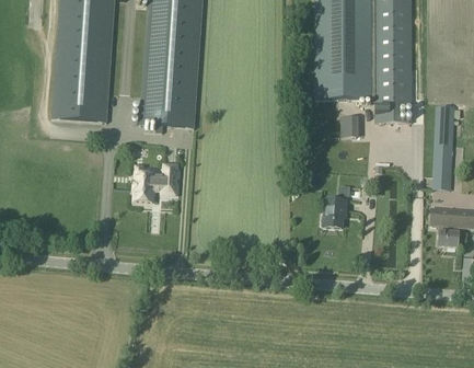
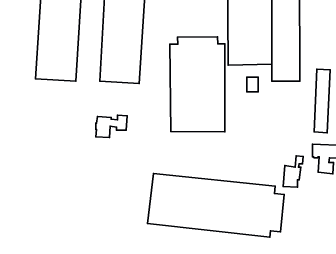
building: none -> [170,37,225,132]
building: [323,183,350,226] -> [283,156,303,187]
building: none -> [147,173,284,237]

